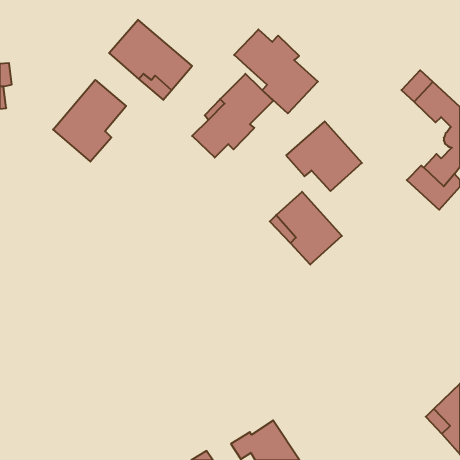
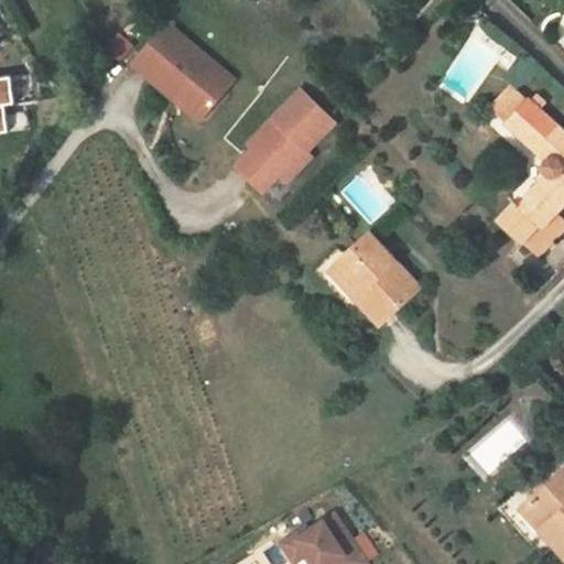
building: [234,29,318,113] -> none
building: [53,80,126,162] -> none
building: [286,121,362,191] -> none

